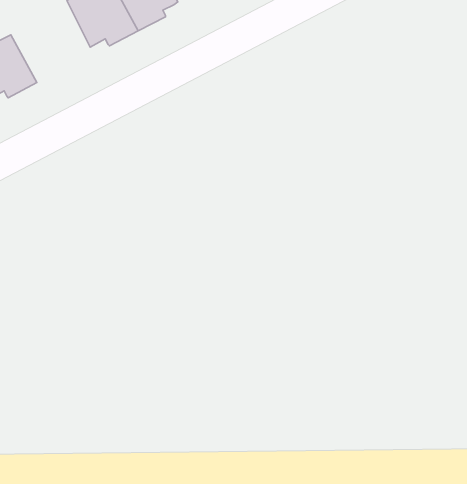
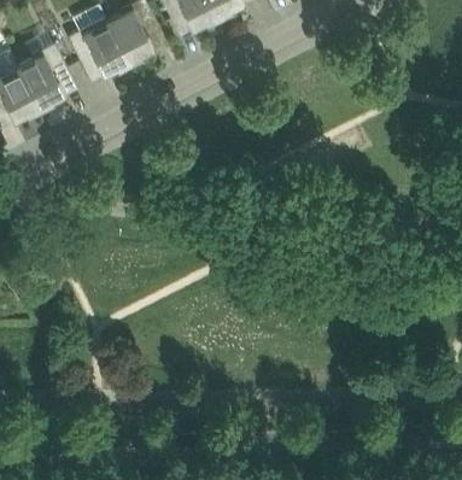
building: none -> [17,45,75,111]

